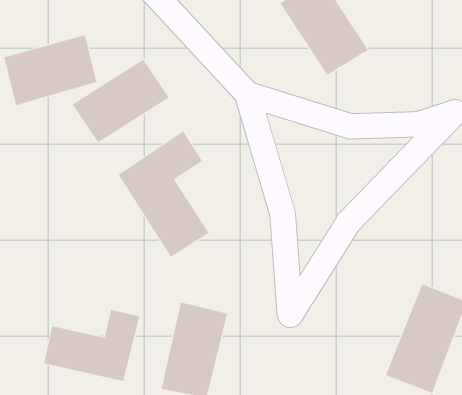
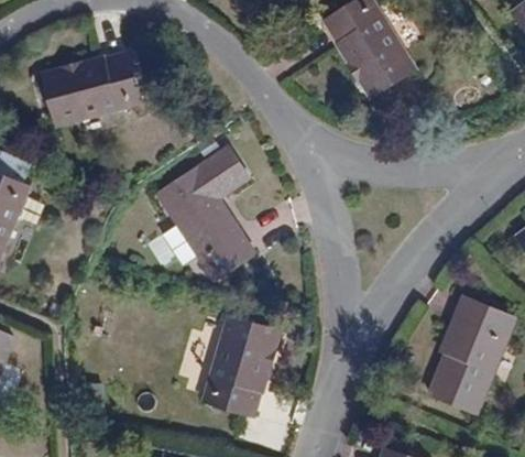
building: [72,59,169,143] -> none
building: [44,309,140,382] -> none

